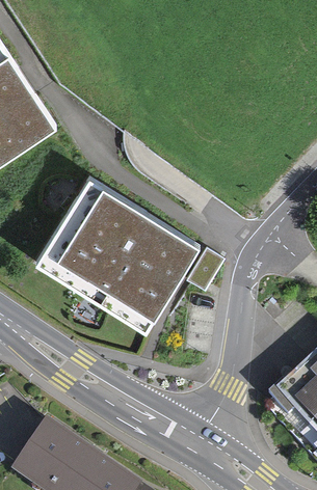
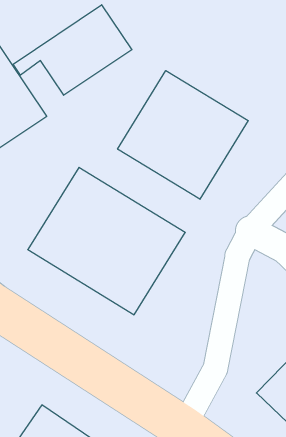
building: none -> [13,5,132,95]
building: none -> [118,71,248,199]

